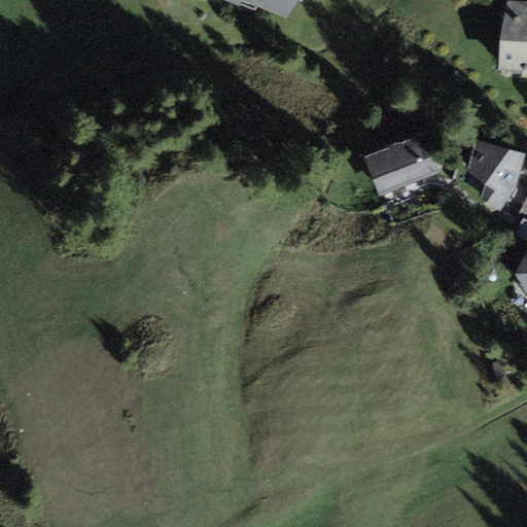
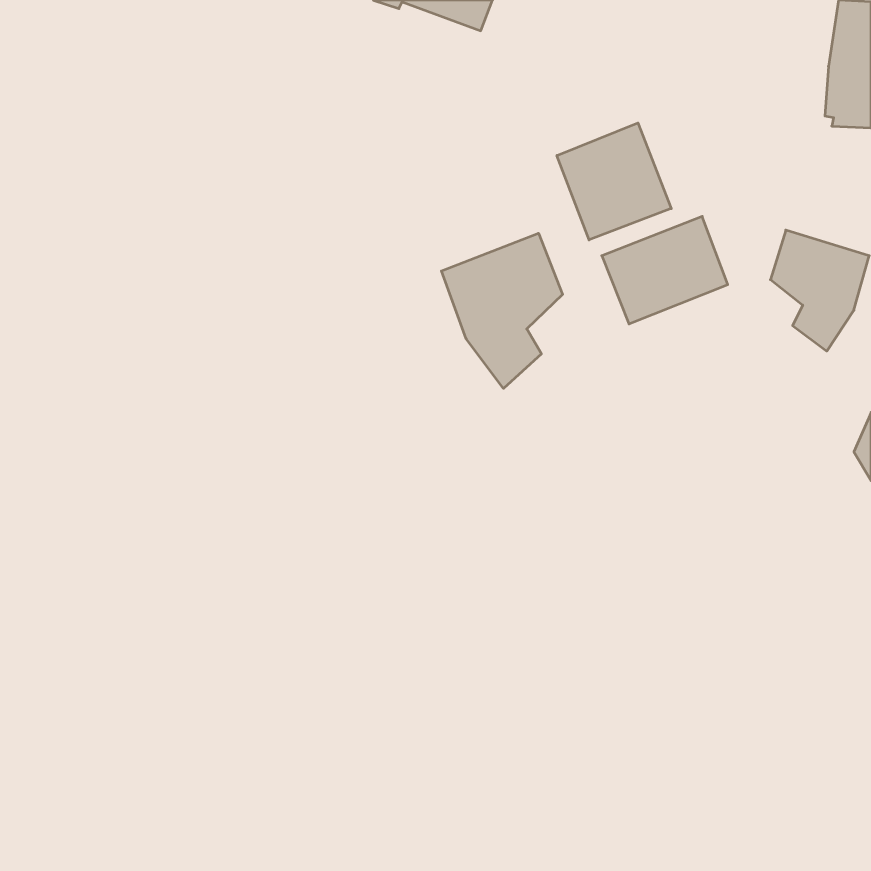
building: none -> [557,123,671,240]
building: none -> [441,233,563,388]

